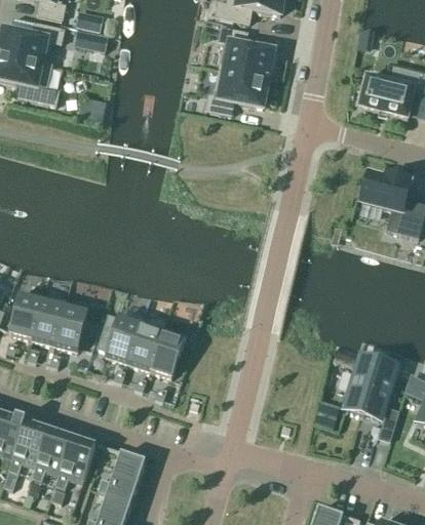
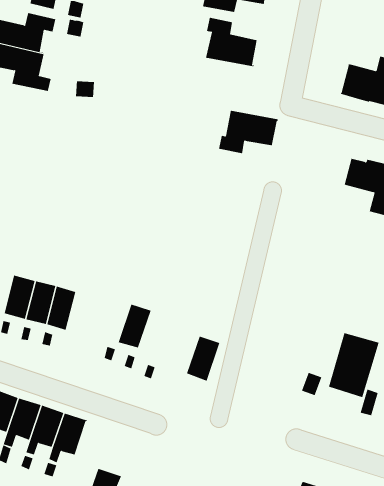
building: [205,68,268,113] -> [218,110,279,154]
building: [106,315,141,362] -> none
building: [149,329,184,376] -> [186,336,220,382]
building: [98,451,145,500] -> none

